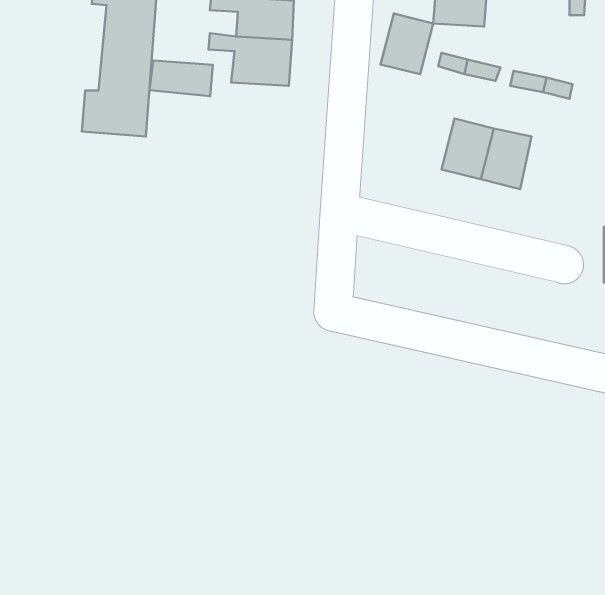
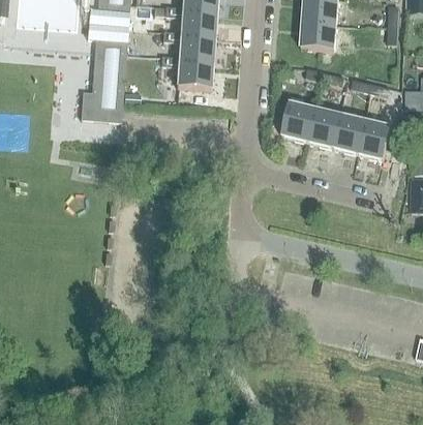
building: [381,14,433,74] -> [281,103,314,142]
building: [149,60,213,96] -> none
building: none -> [356,111,390,160]

